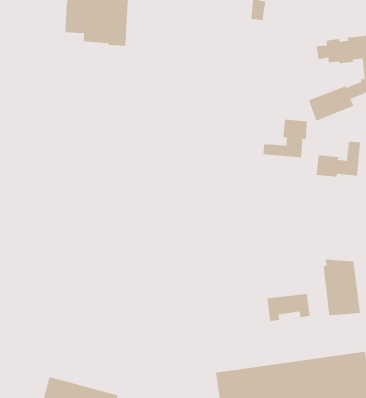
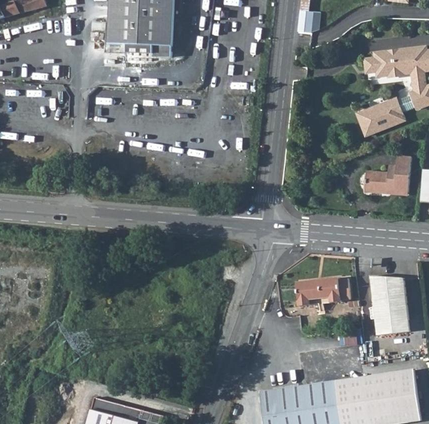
building: [263,119,308,158] -> none
building: [267,293,311,322] -> [296,278,341,307]

